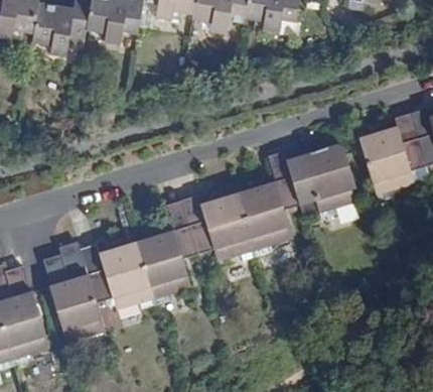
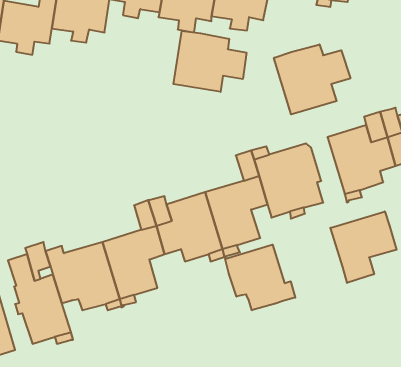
building: none -> [173,31,246,92]
building: none -> [274,44,350,114]
building: none -> [330,211,397,283]
building: none -> [225,245,295,310]

